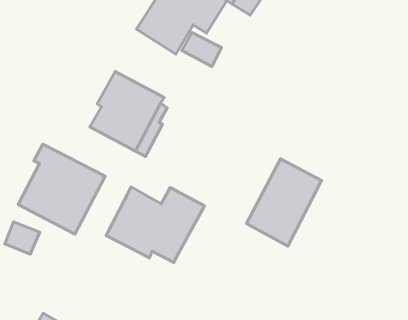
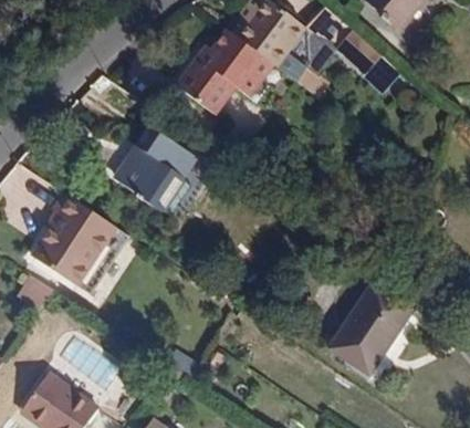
building: [247,159,322,246] -> [330,283,412,375]
building: [106,187,204,262] -> none

